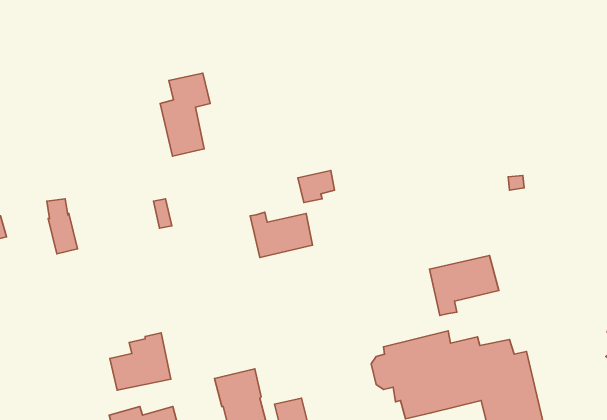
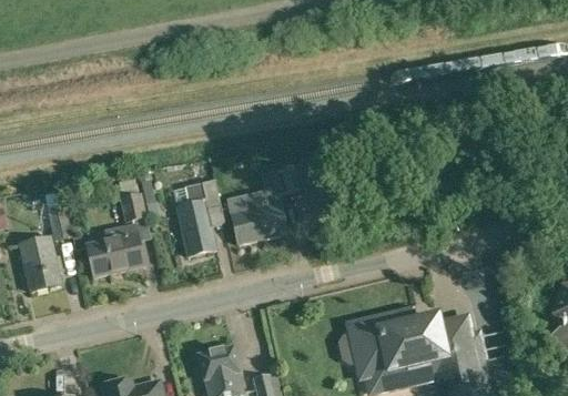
building: [160,73,210,156] -> [175,179,221,254]
building: none -> [20,235,59,290]
building: [429,255,499,316] -> none
building: [110,333,171,390] -> [87,222,142,274]

